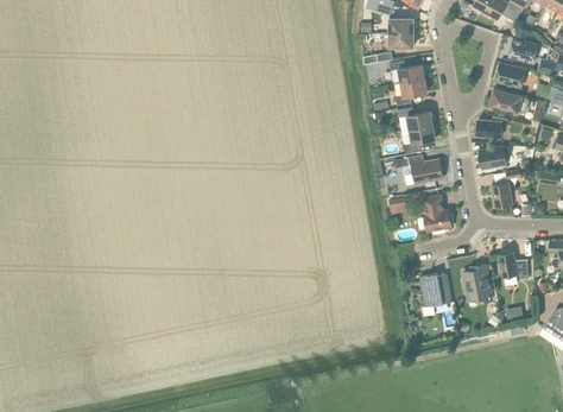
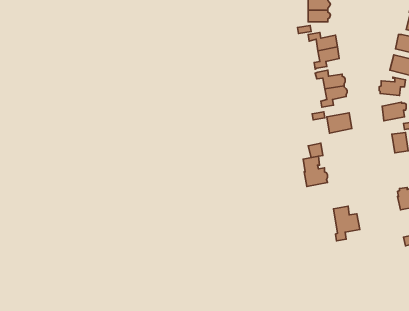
building: [422,194,451,230] -> [303,156,327,186]
building: [462,264,492,303] -> none

